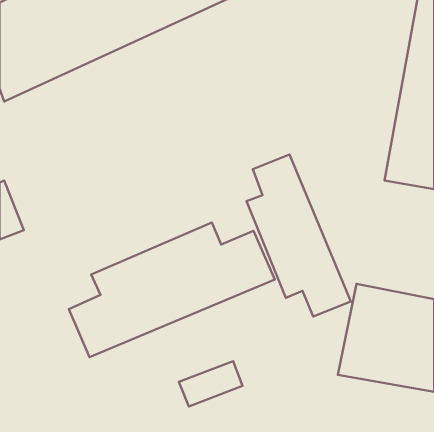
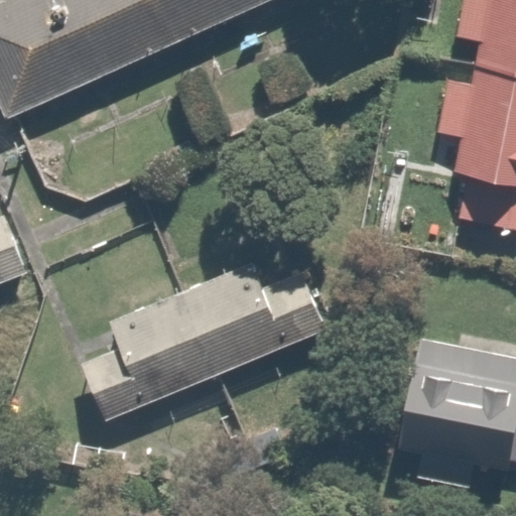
building: [247,154,351,317] -> none

